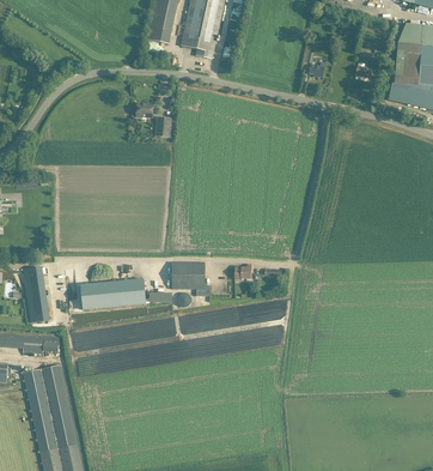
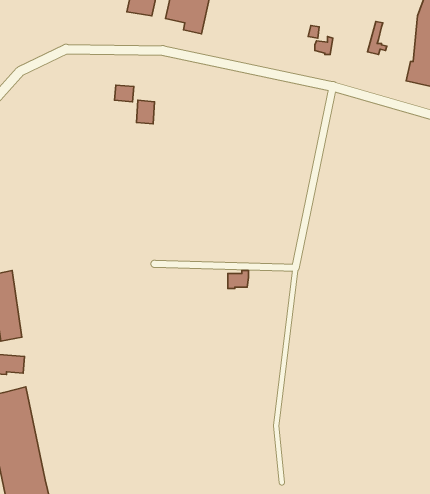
building: [172,262,212,296] -> none
building: [80,278,146,309] -> none

